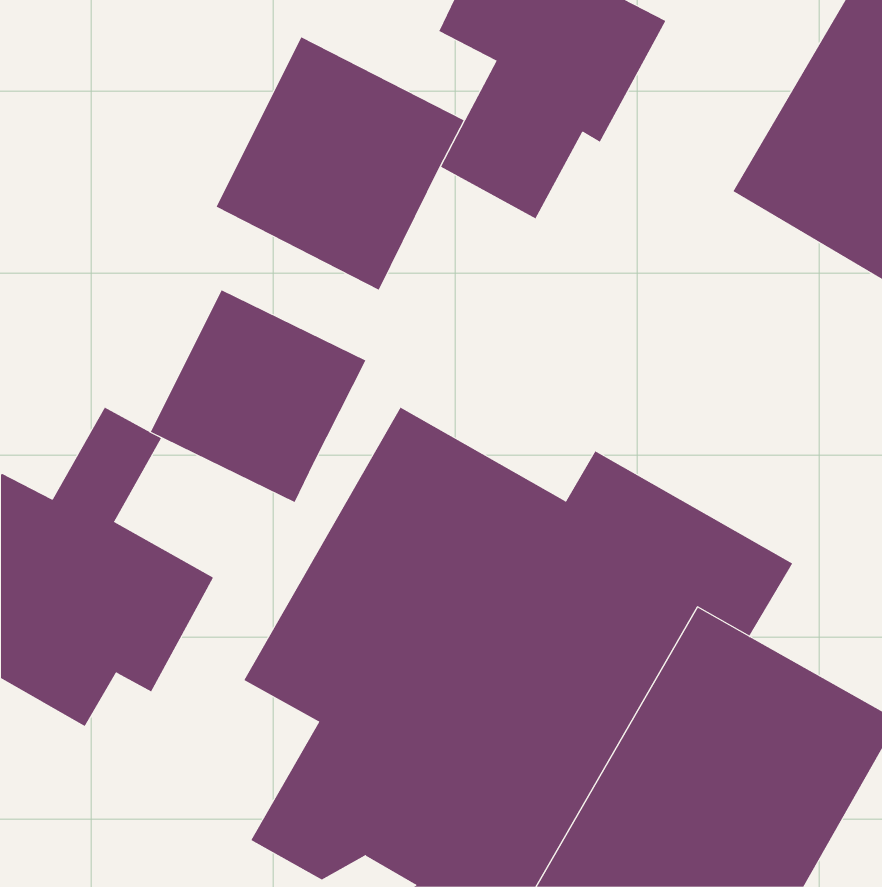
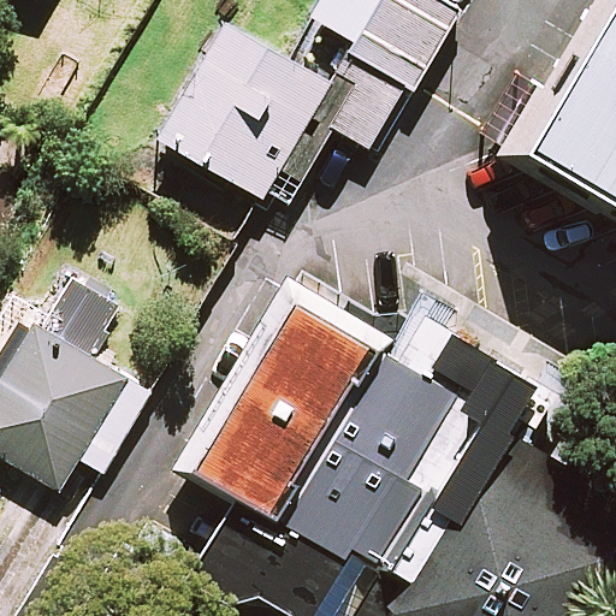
building: [150,289,366,503] -> none

